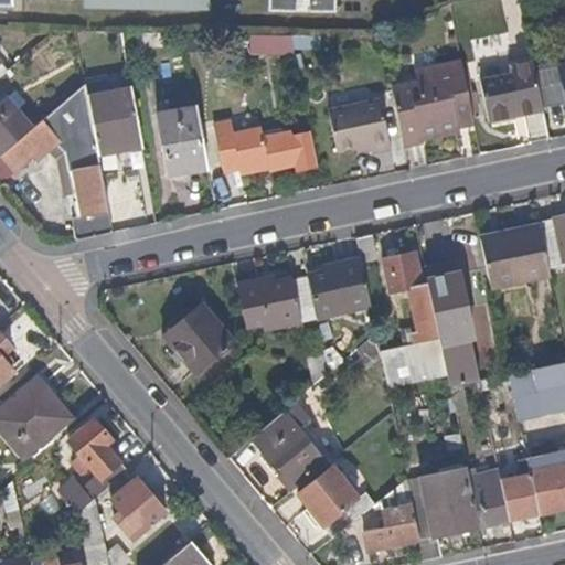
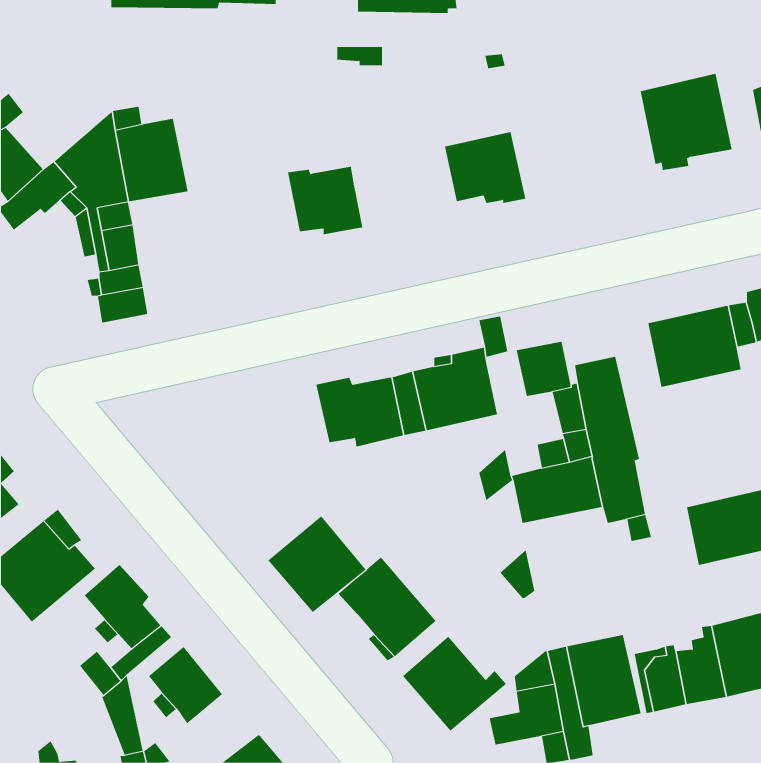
building: [390,57,475,145] -> none
building: [158,108,207,175] -> none
building: [264,130,318,170] -> none
building: [162,301,235,373] -> [268,516,366,613]

